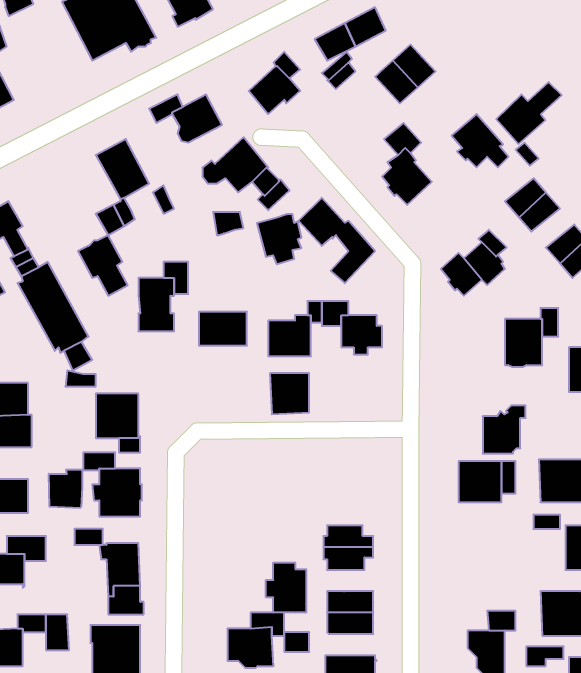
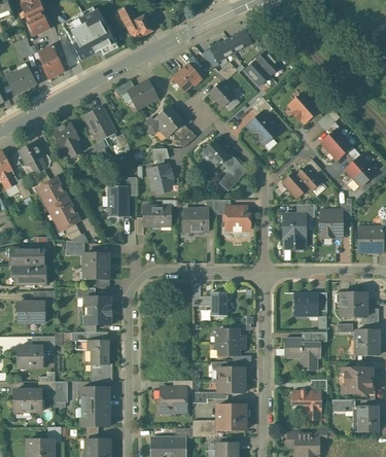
building: none -> [41,46,62,78]
building: [496,82,562,144] -> none
building: none -> [209,81,238,109]
building: [257,214,301,264] -> [147,165,173,194]
building: [78,235,128,296] -> [52,122,81,157]
building: [270,373,309,414] -> [204,294,226,318]
building: [483,406,526,454] -> [283,210,308,238]
building: [49,470,82,508] -> none
building: none -> [284,338,319,371]
building: [266,563,306,613] -> none

